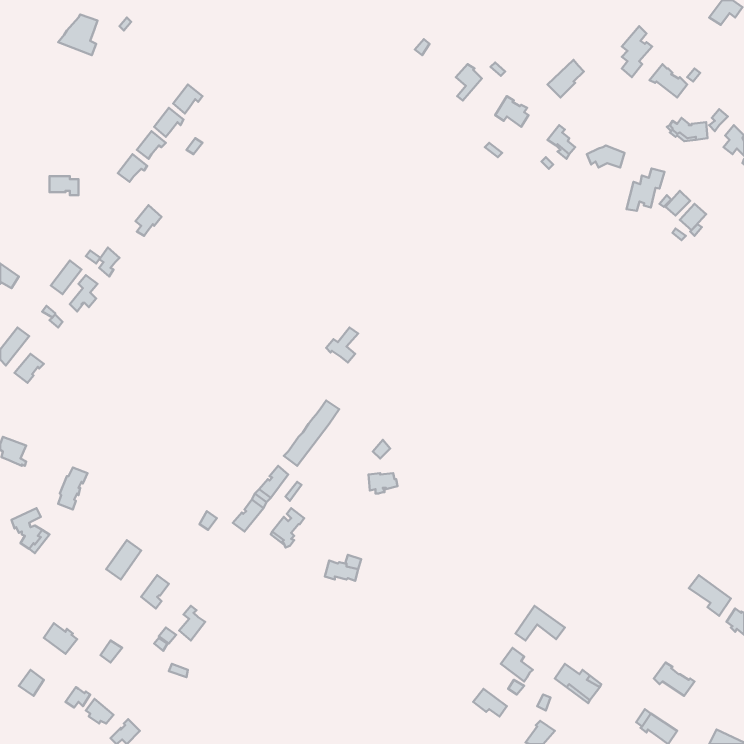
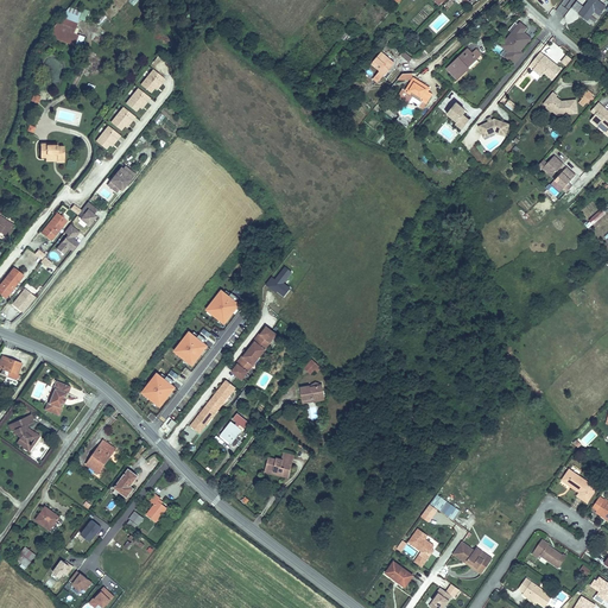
building: [627,169,664,211] -> none
building: none -> [207,291,240,324]
building: none -> [173,334,207,367]
building: none -> [141,374,175,407]

